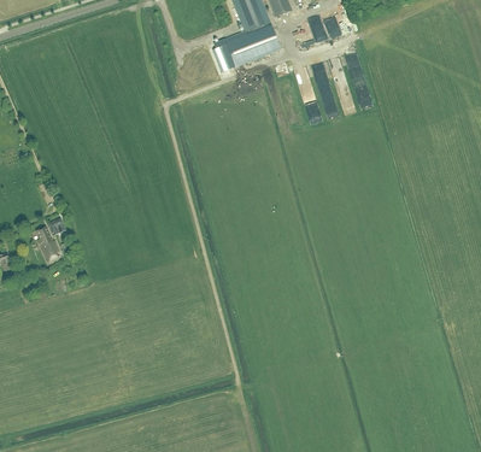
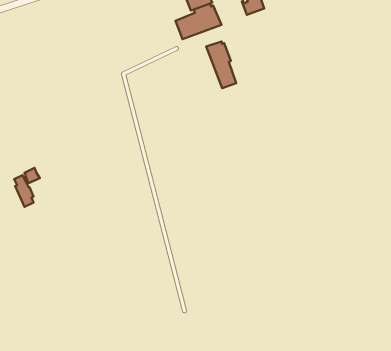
building: none -> [206,42,236,88]

